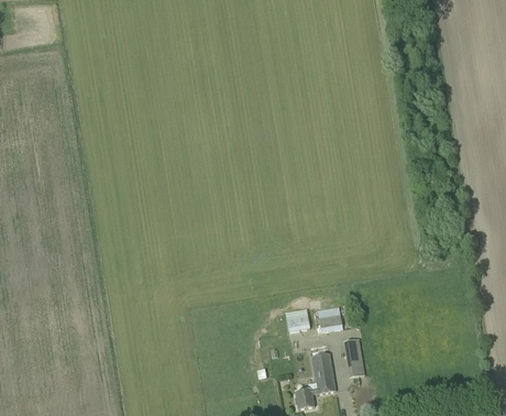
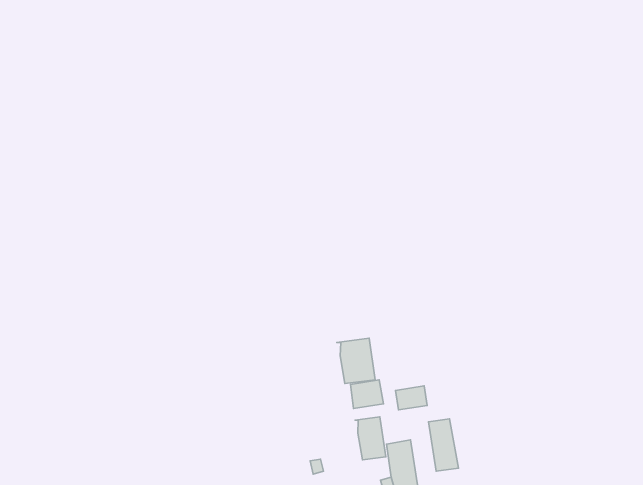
building: none -> [337,338,375,384]
building: none -> [355,417,386,460]

